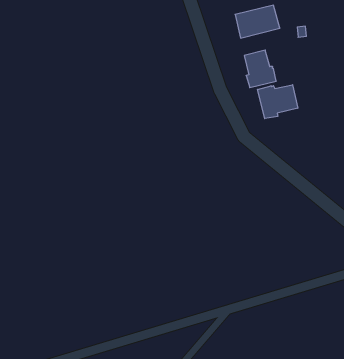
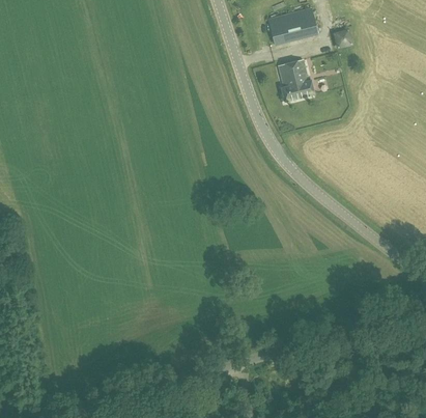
building: [258,85,298,119] -> none

